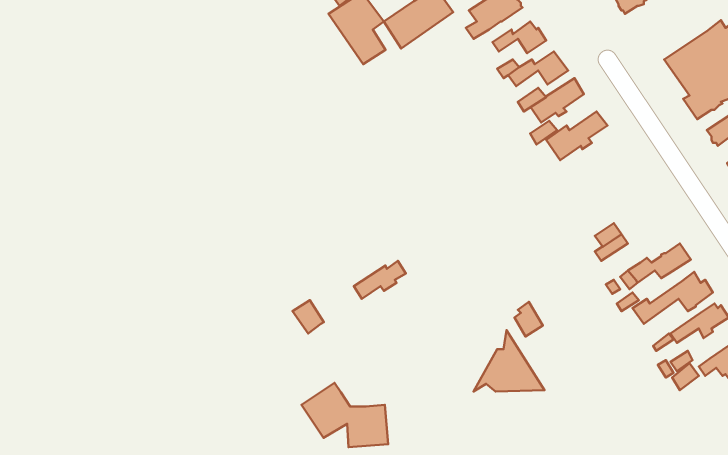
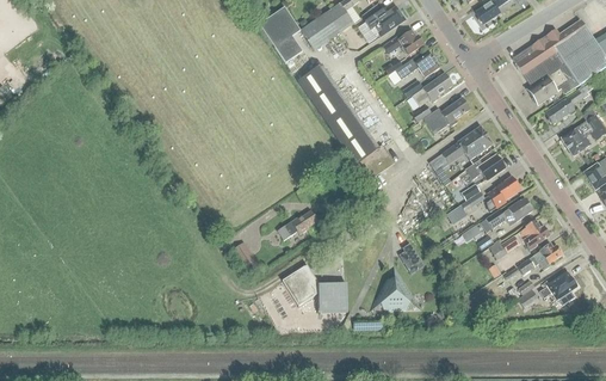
building: none -> [297,64,394,180]
building: none -> [440,127,491,164]
building: none -> [464,154,505,180]
building: none -> [484,177,519,211]
building: [301,383,388,447] -> [280,264,346,313]

